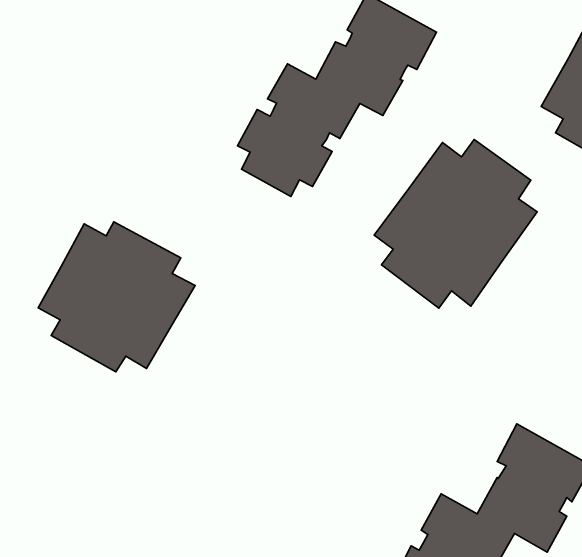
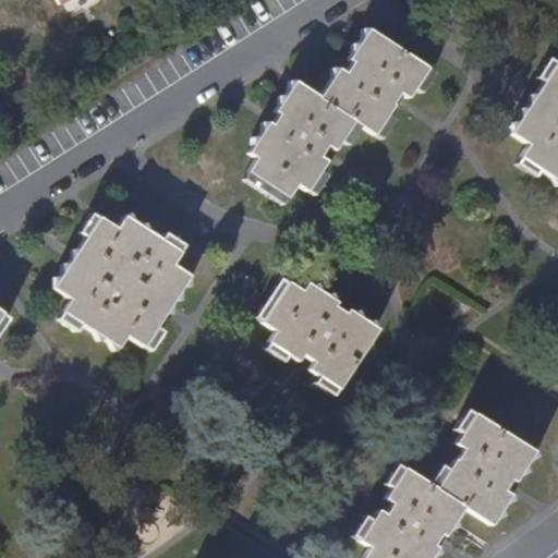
building: [374,139,537,308] -> none
building: none -> [267,279,378,389]

